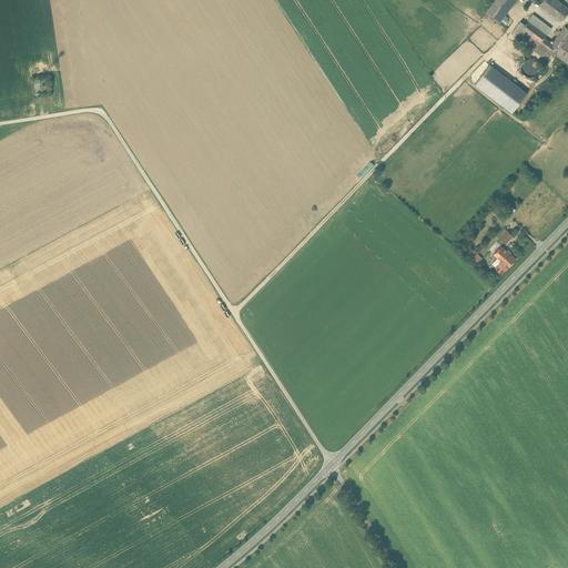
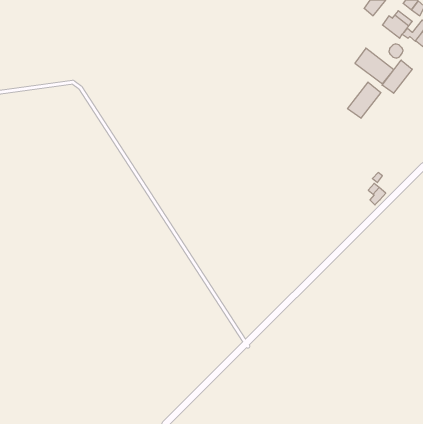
building: none -> [382,60,412,93]
building: none -> [348,82,381,118]

